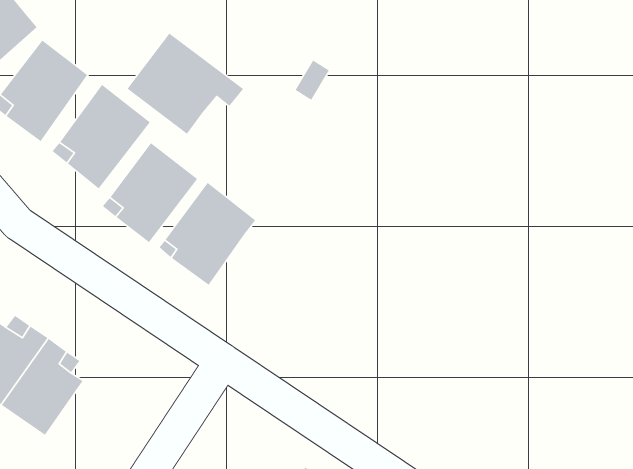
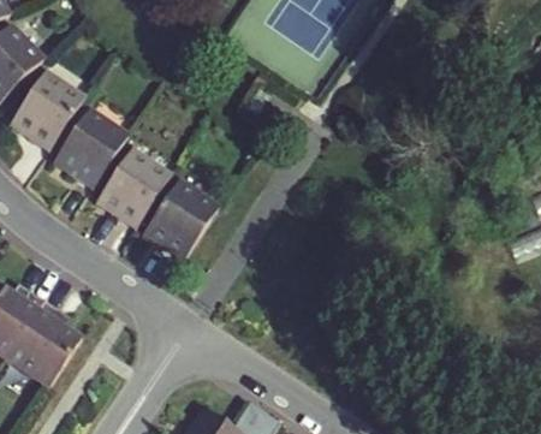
building: [126,32,244,135] -> none

